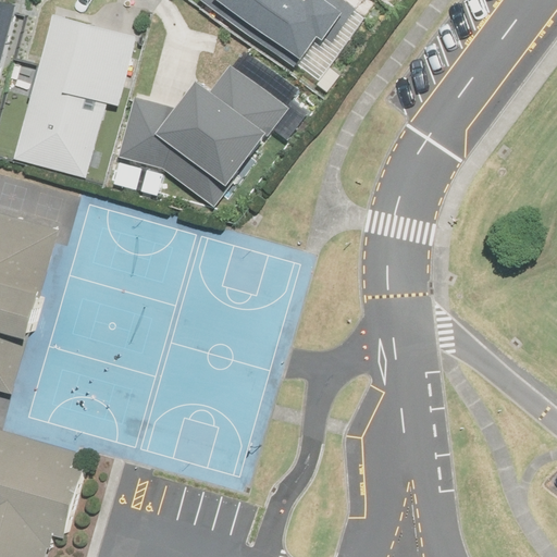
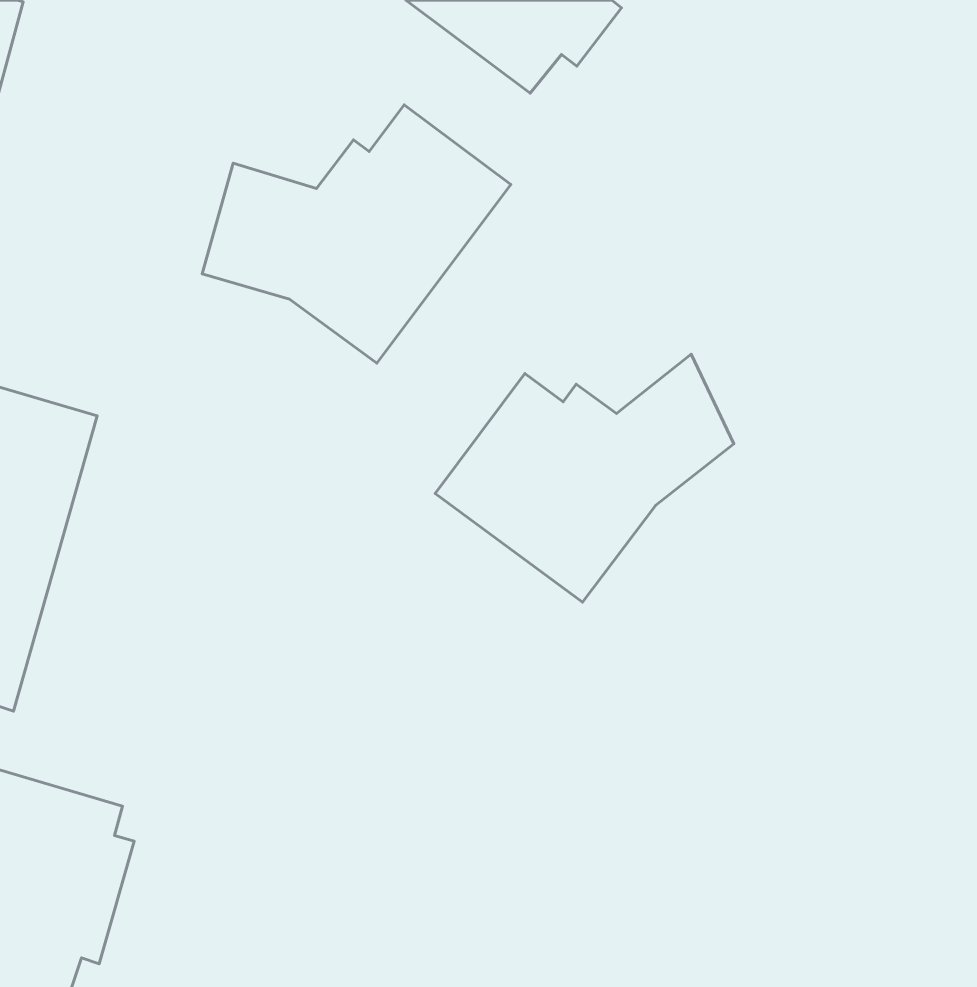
building: [9,12,135,176] -> none
building: none -> [435,354,734,602]

